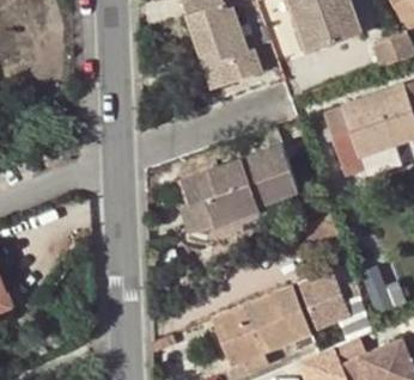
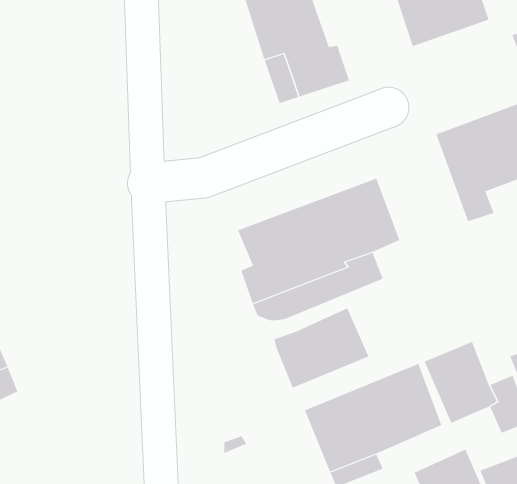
building: none -> [274,307,369,388]

